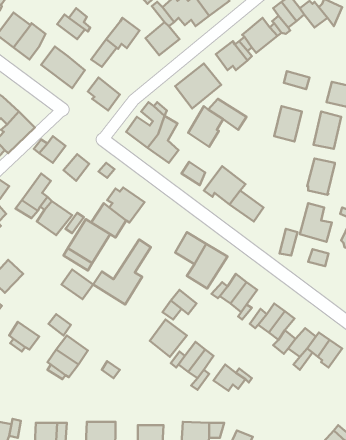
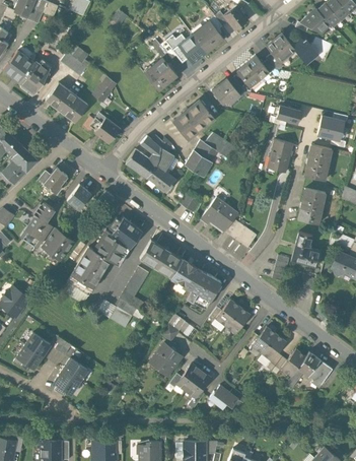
building: [106,18,140,49] -> none
building: none -> [139,240,184,278]
building: [61,269,93,299] -> [22,330,53,358]

